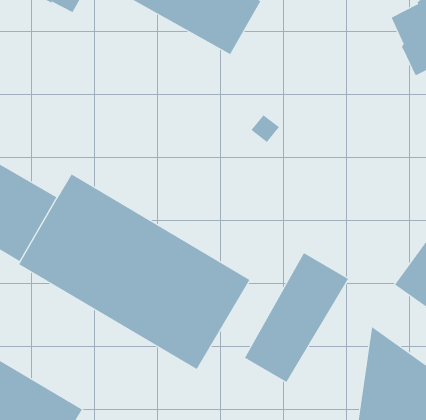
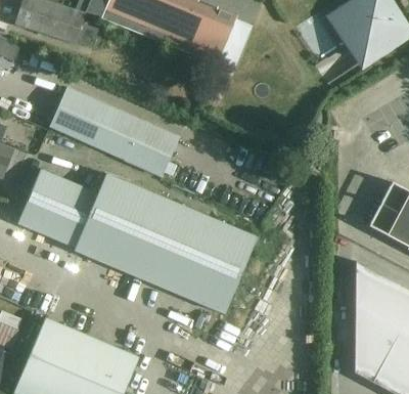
building: none -> [50,88,180,177]
building: [244,252,349,383] -> none

